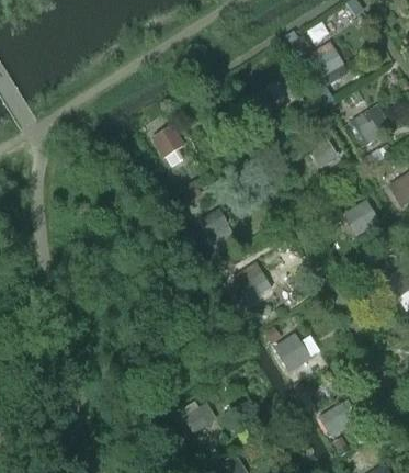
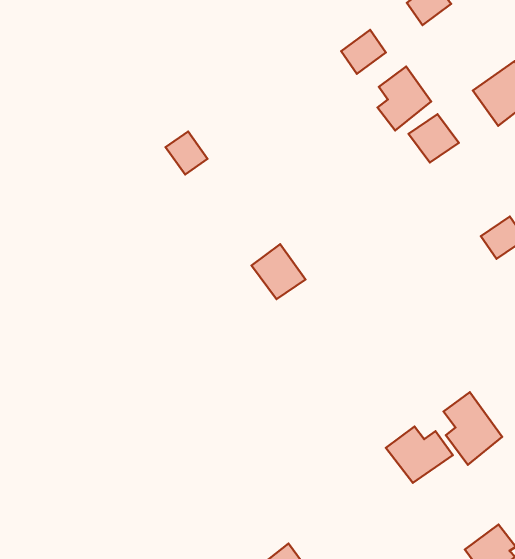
building: none -> [378,66,431,130]
building: [234,262,272,302] -> none
building: none -> [444,392,502,465]

